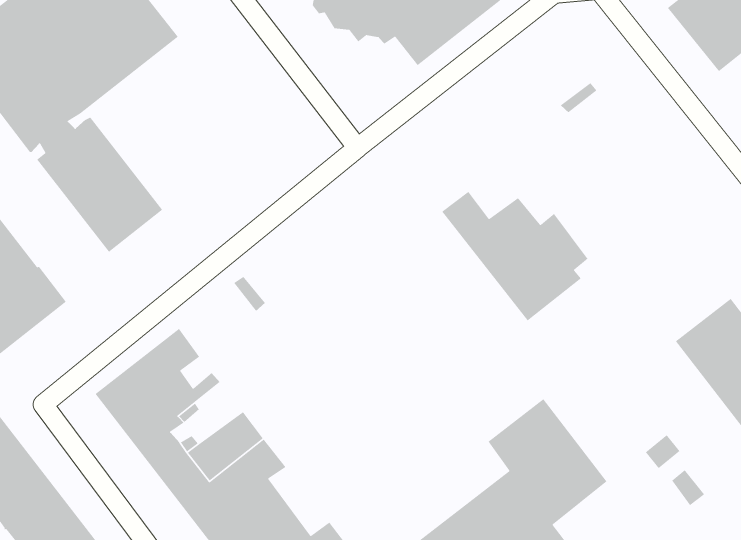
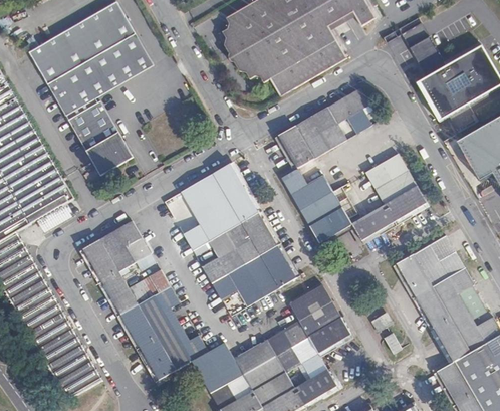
building: none -> [277,87,368,168]
building: none -> [350,153,426,240]
building: none -> [180,163,295,313]

